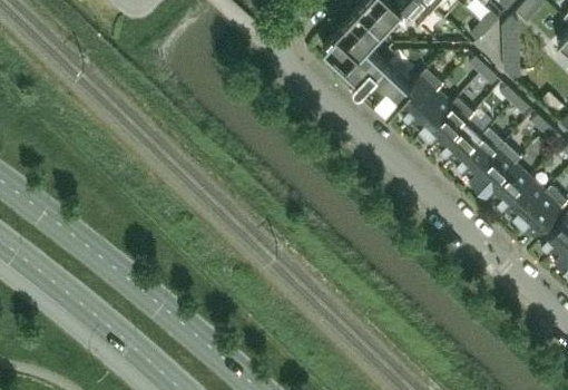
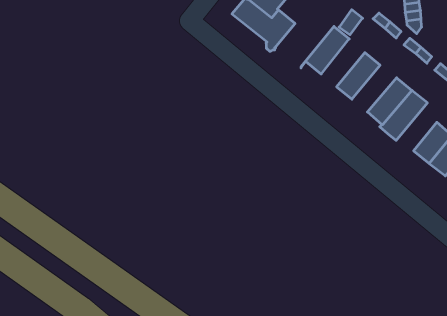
building: [363,64,428,113] -> none
building: [411,84,459,134] -> none
building: [442,114,491,163] -> none
building: [487,157,531,207] -> none

